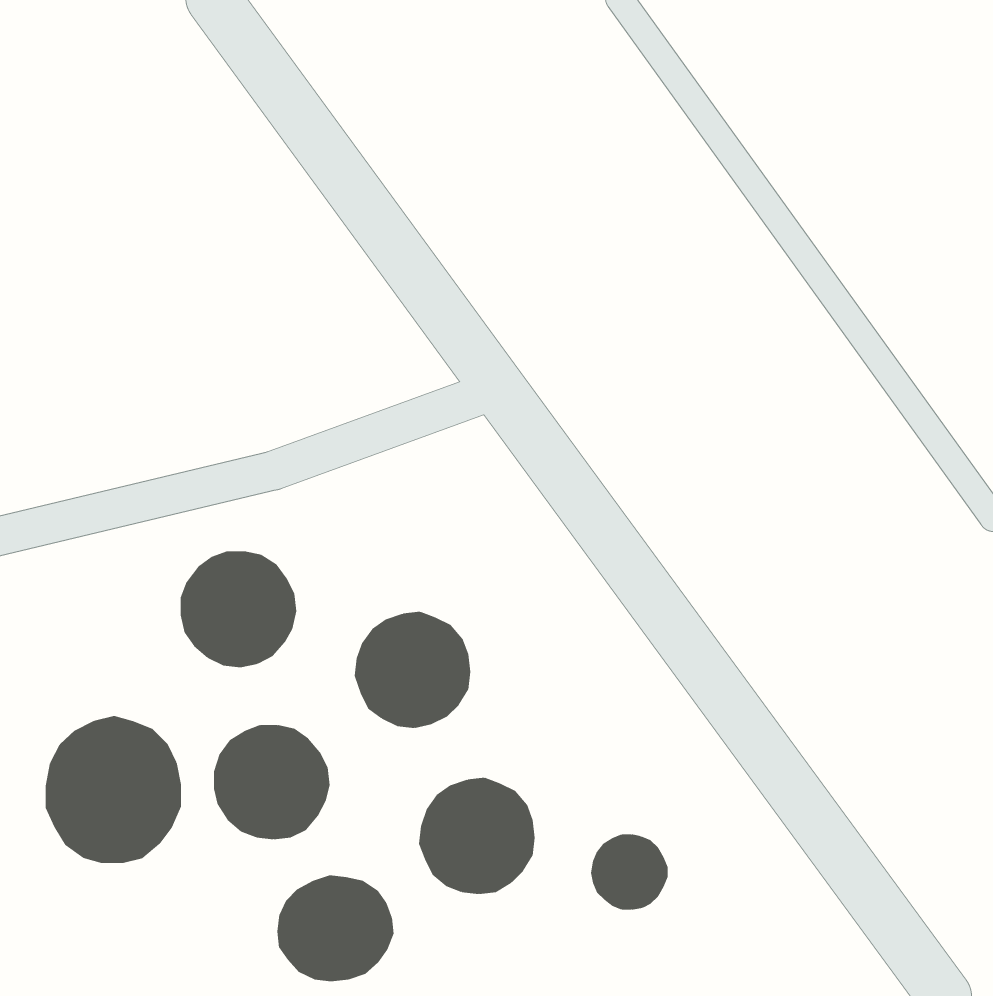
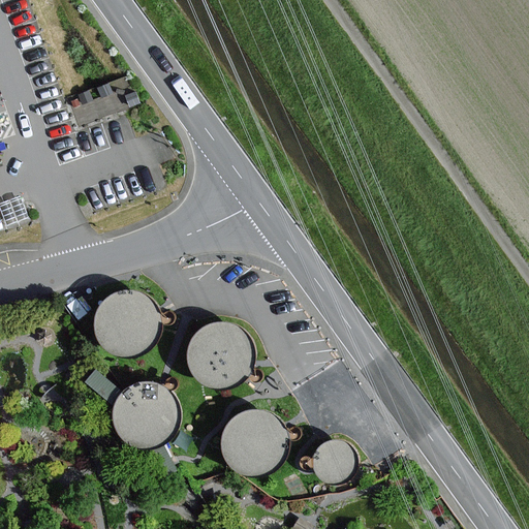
building: [45,715,182,864] -> none
building: [277,875,394,982] -> none

